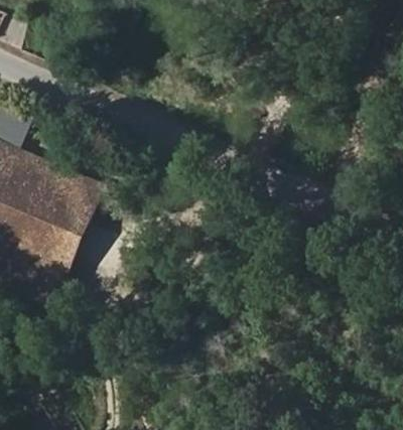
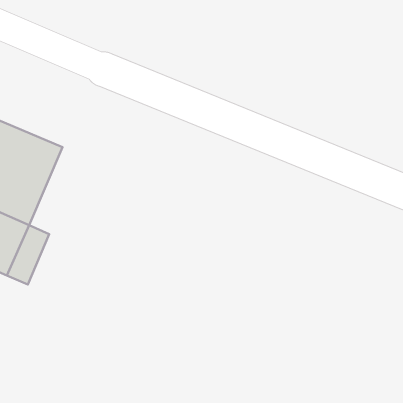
building: [56,169,106,248] -> none

